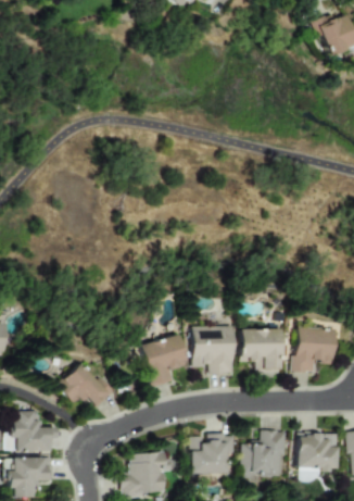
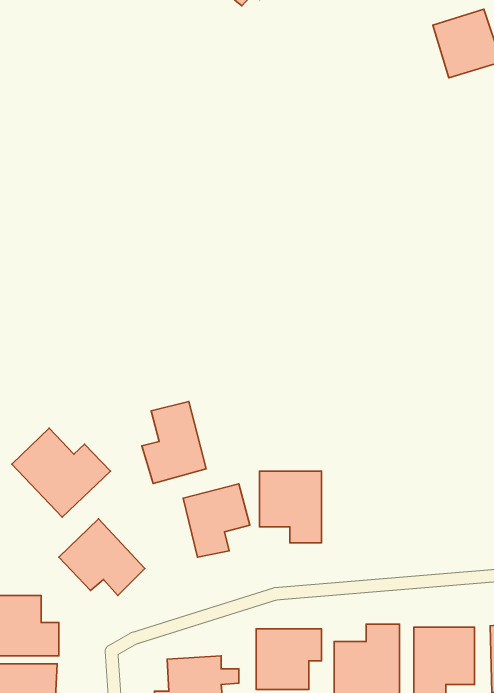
building: none -> [142,402,206,484]
building: none -> [12,428,110,517]
building: [292,327,334,372] -> none
building: [240,328,280,372] -> none

